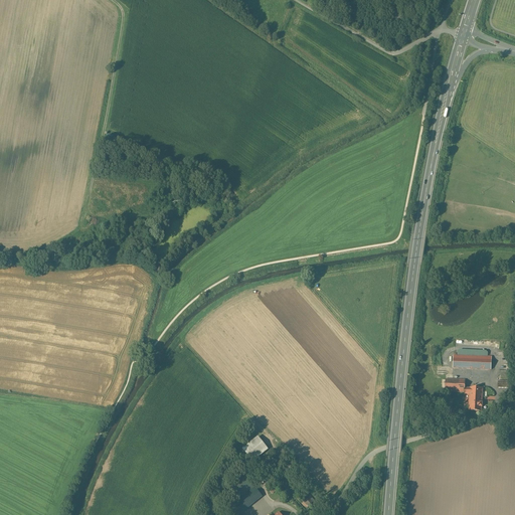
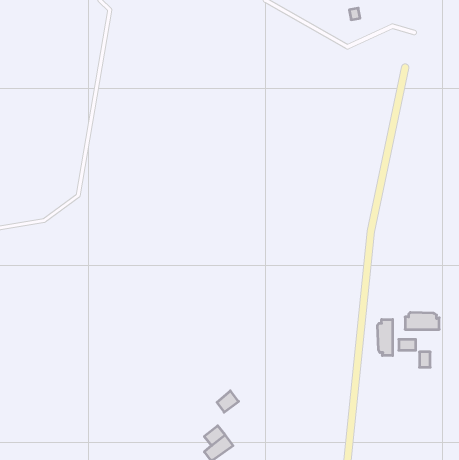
building: none -> [378,319,393,356]

